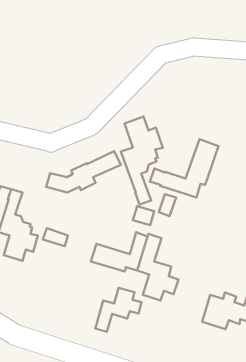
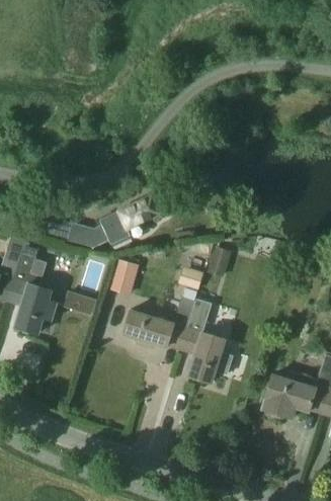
building: [121,117,163,205] -> none
building: [150,139,219,197] -> none
building: none -> [109,259,139,296]
building: [95,288,141,332] -> none

